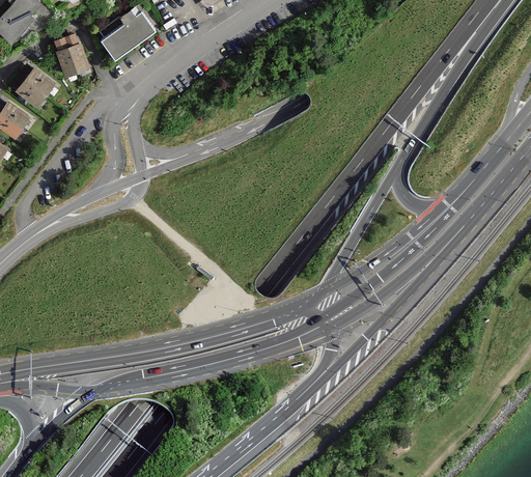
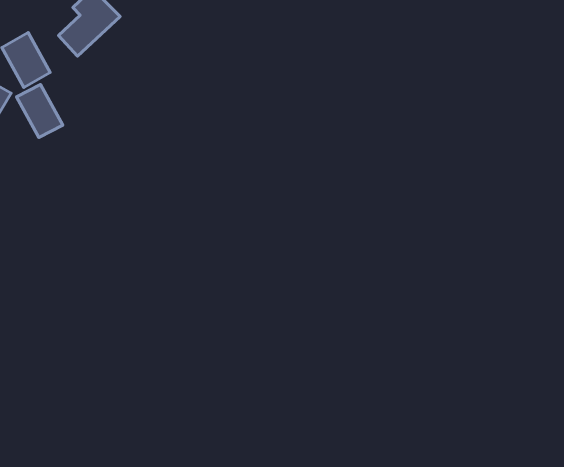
building: none -> [16,84,63,138]

